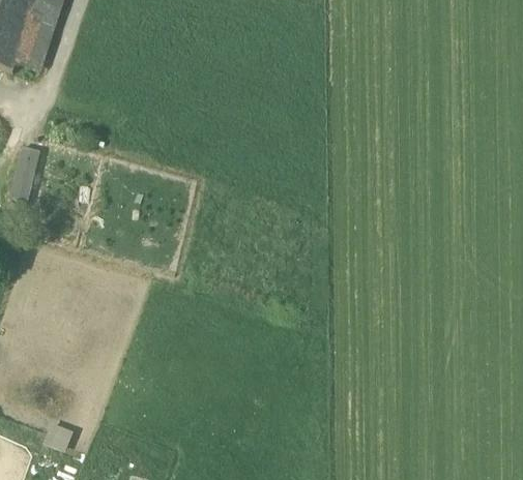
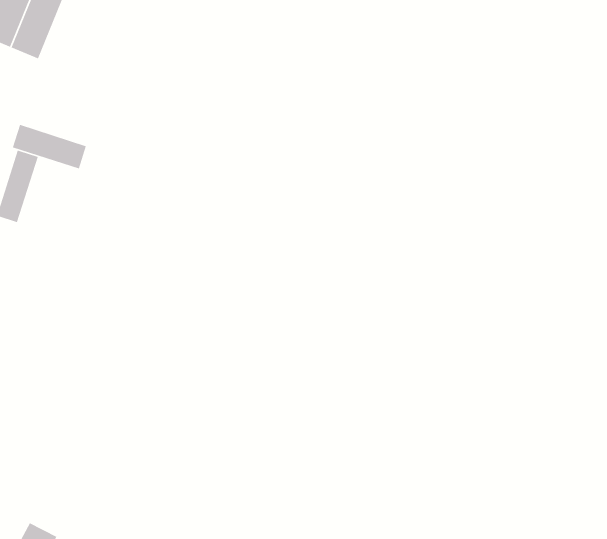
building: none -> [12,124,87,170]

